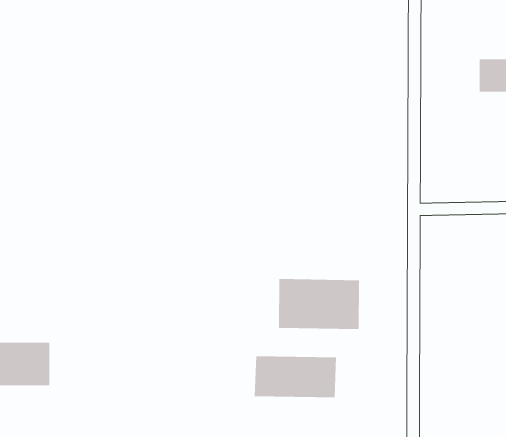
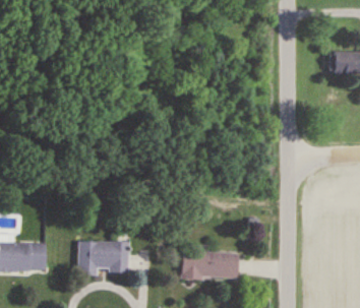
building: [279,278,359,330] -> none
building: none -> [77,241,128,275]

